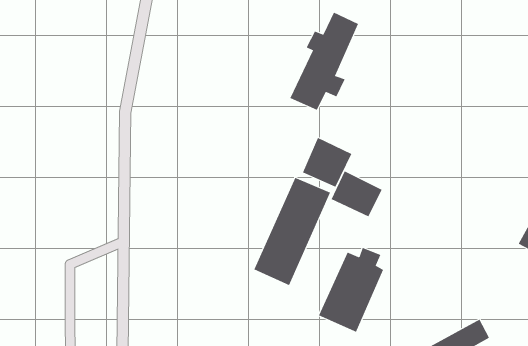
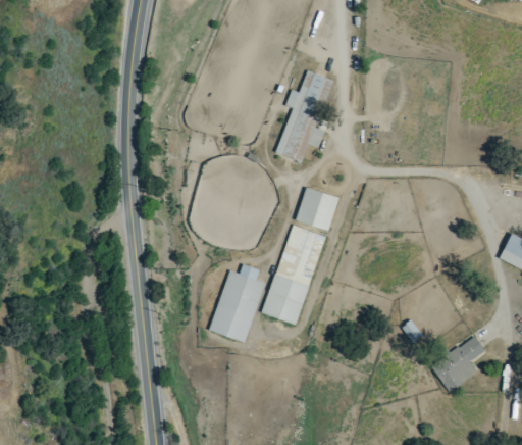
building: [331,170,382,217] -> none
building: [318,247,384,332] -> [209,263,264,342]

